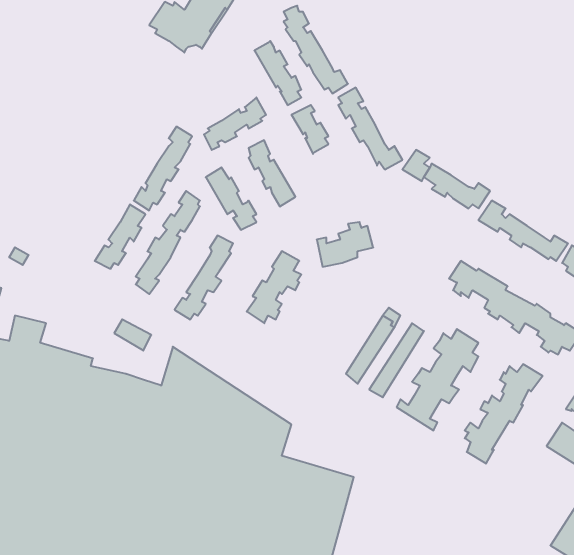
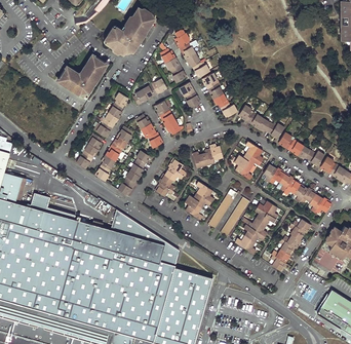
building: none -> [57,54,107,94]
building: none -> [234,141,264,179]
building: none -> [185,182,213,219]

